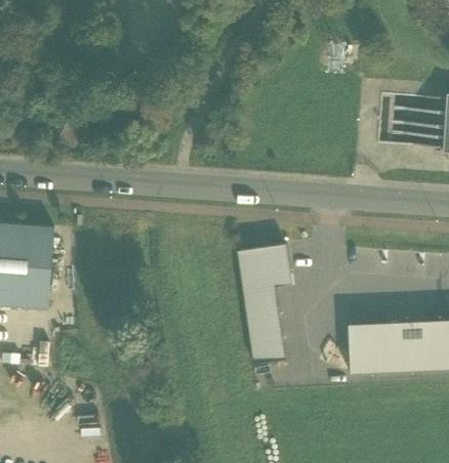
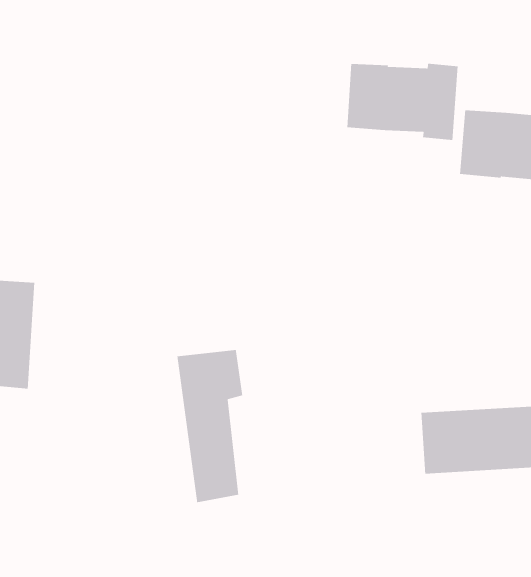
building: none -> [346,63,458,141]
building: [236,244,287,363] -> [177,349,243,503]

